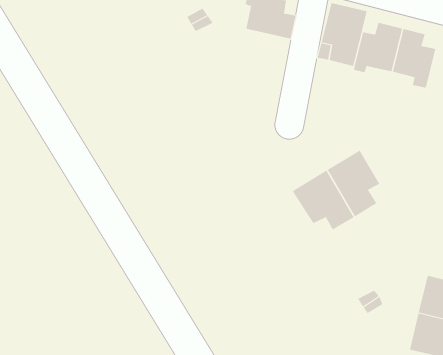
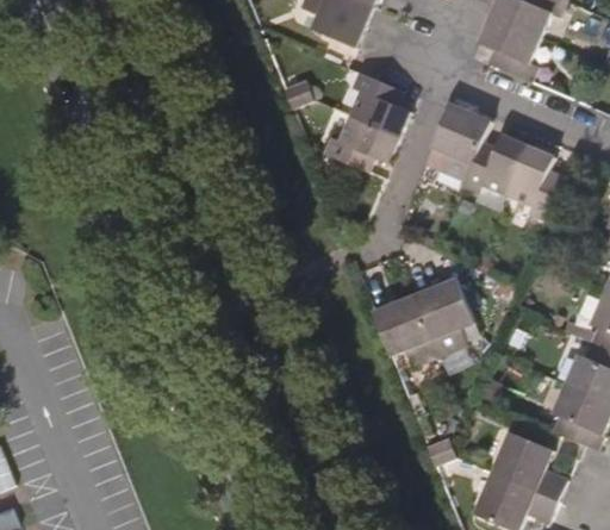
building: none -> [324,116,398,173]

